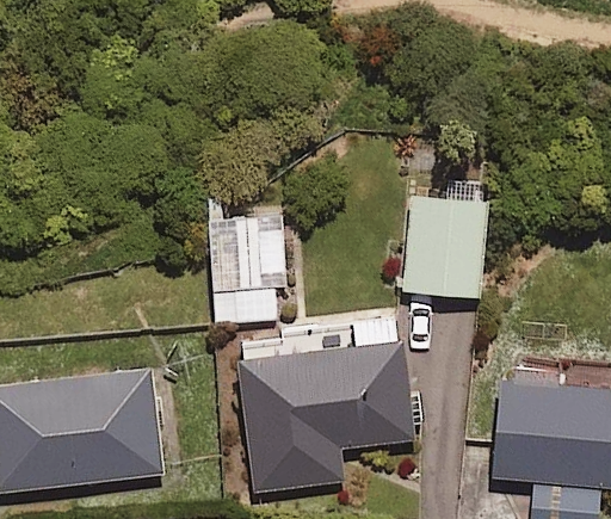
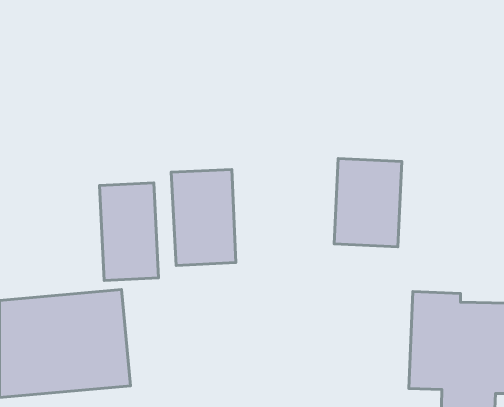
building: none -> [100,183,158,280]
building: [236,311,411,486] -> none

